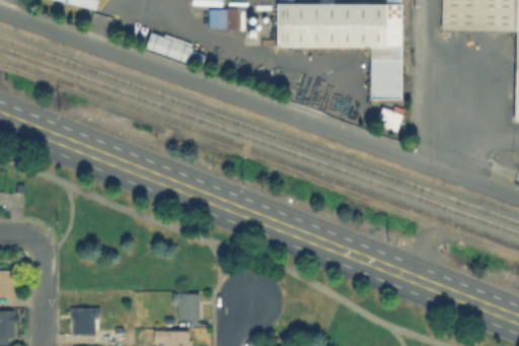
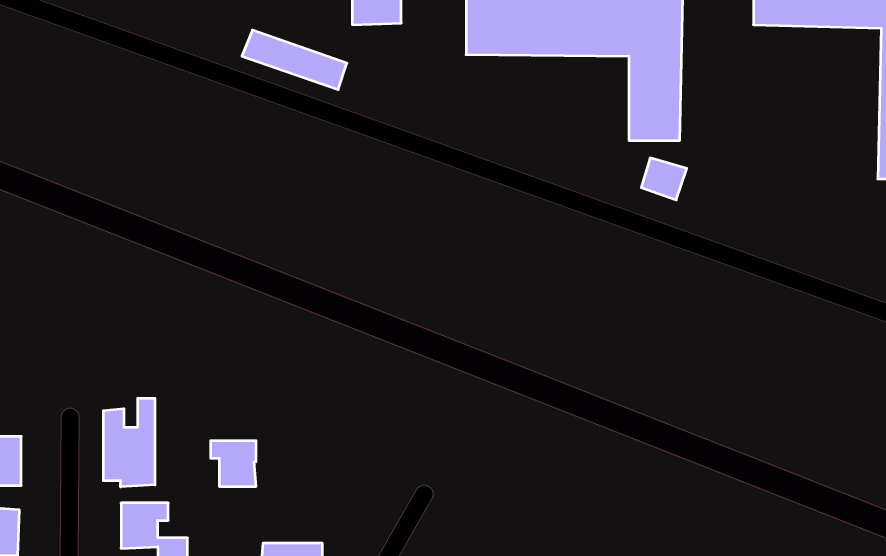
building: none -> [103,398,155,487]
building: [173,293,200,320] -> [211,441,256,486]

